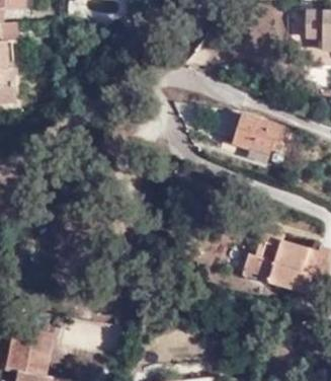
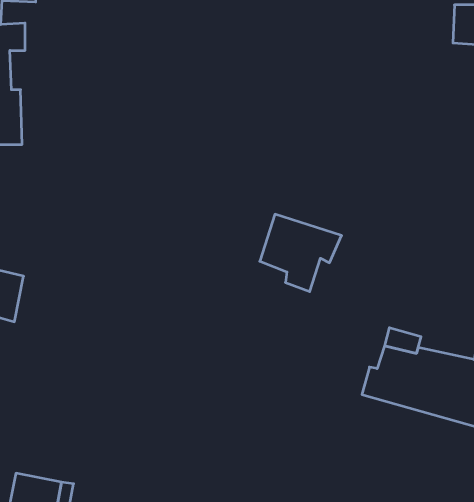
building: [232,110,286,162] -> [260,214,342,292]

